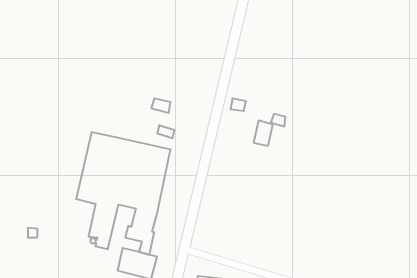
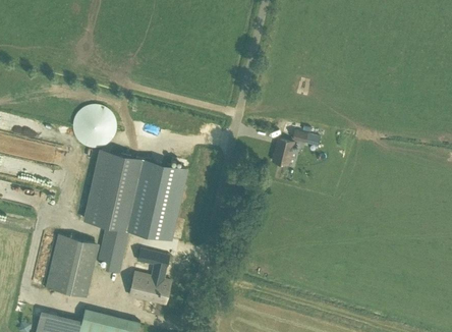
building: none -> [72,106,115,149]
building: none -> [46,234,94,295]

